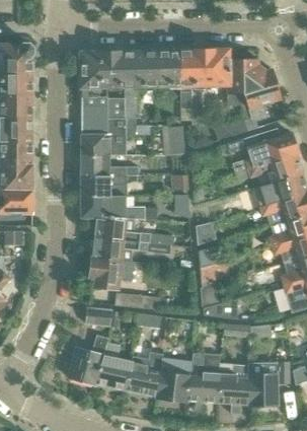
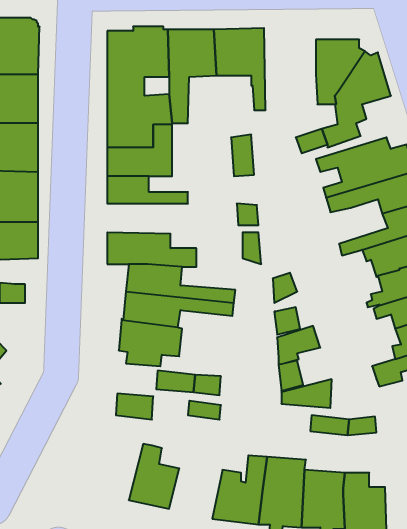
building: [191,48,228,125] -> none
building: [81,174,138,196] -> none
building: [67,335,108,384] -> none
building: [125,352,163,397] -> none

